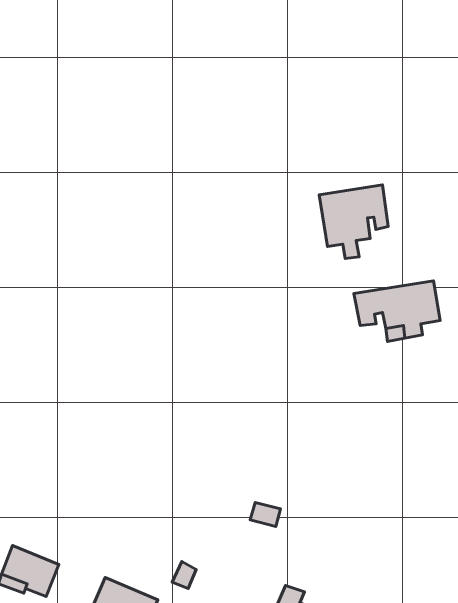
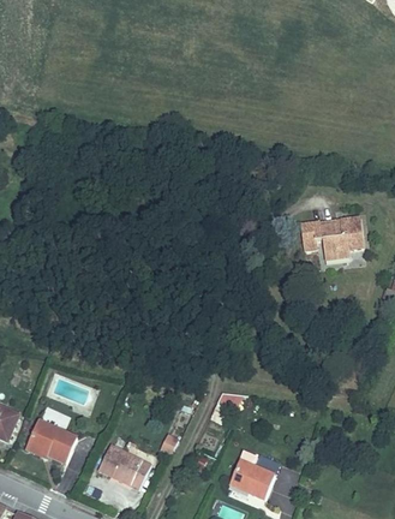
building: [319,185,388,258] -> none

